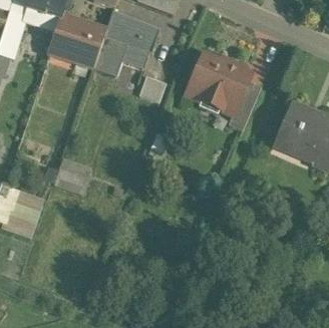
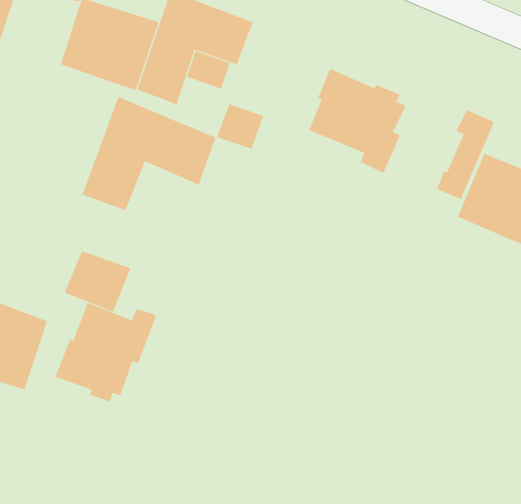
building: none -> [82,96,216,211]
building: [228,79,261,130] -> [436,110,495,200]
building: none -> [55,302,157,403]

